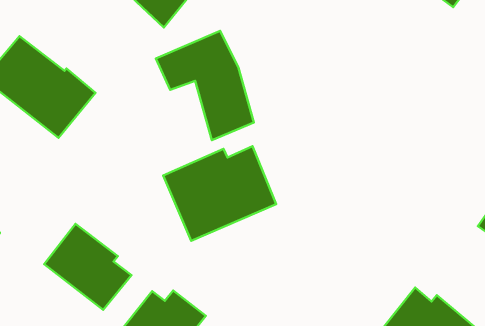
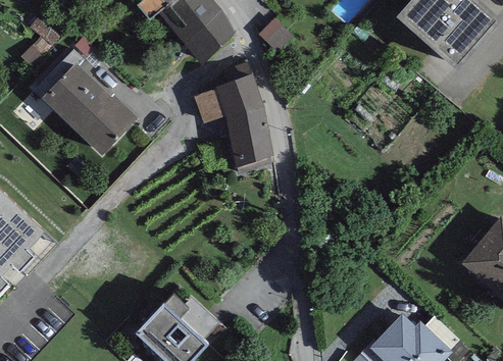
building: [163,146,276,241] -> none
building: [44,224,131,310] -> none

